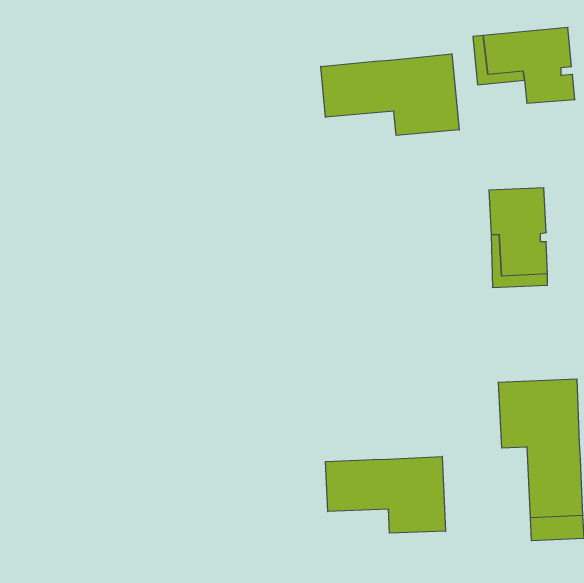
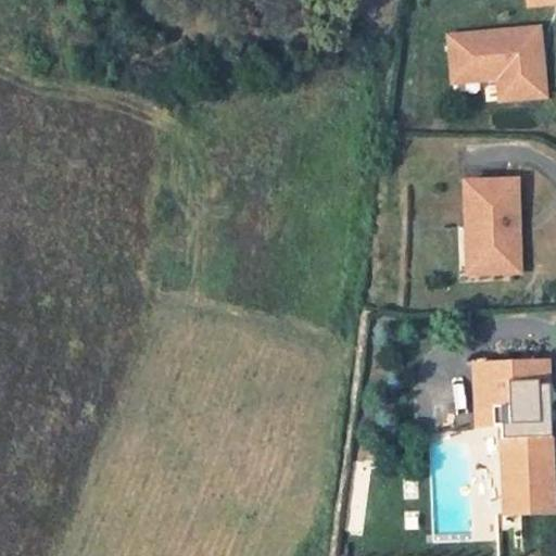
building: [321,54,459,135] -> none
building: [326,456,446,533] -> none

